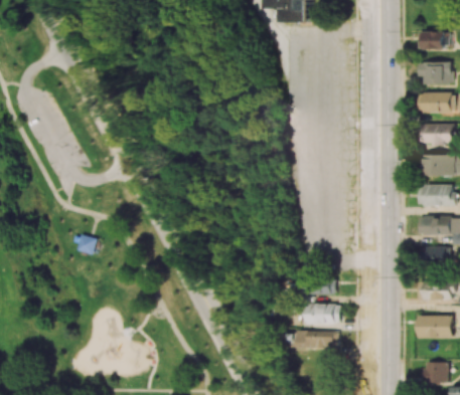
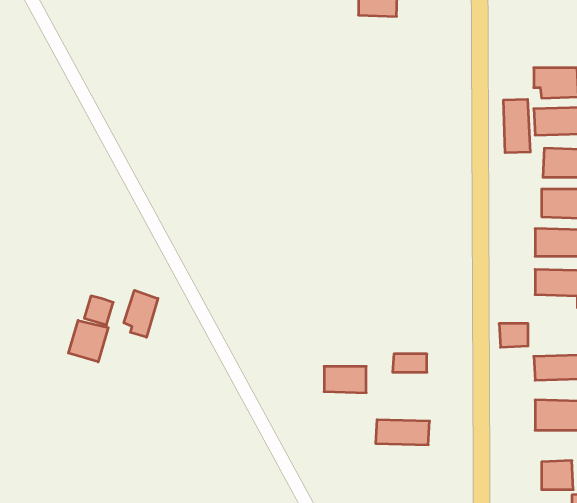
building: [418,31,445,49] -> none
building: none -> [504,99,530,153]
building: none -> [124,290,158,337]
building: [424,246,446,264] -> [499,324,528,347]
building: none -> [68,320,108,362]
building: [308,304,340,324] -> [324,366,366,393]

